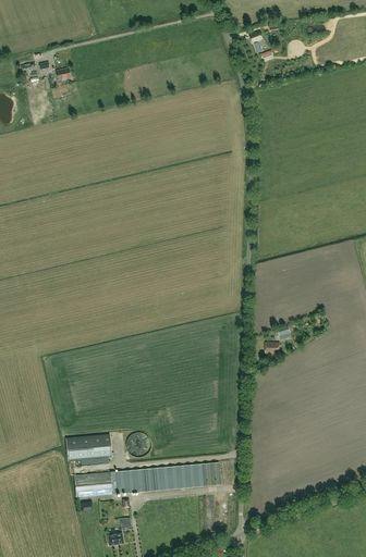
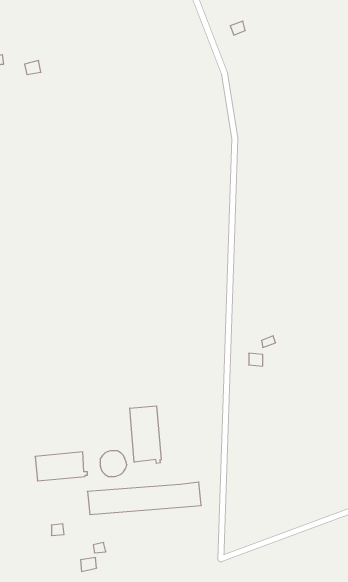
building: none -> [130,406,161,463]
building: [74,472,112,497] -> none

